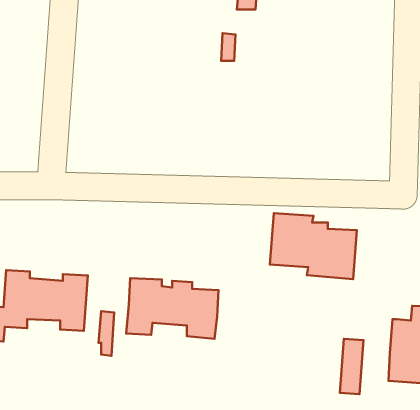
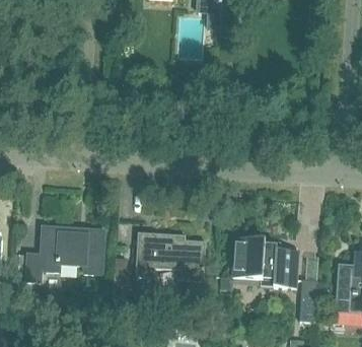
building: [270,213,357,279] -> [231,236,298,287]

